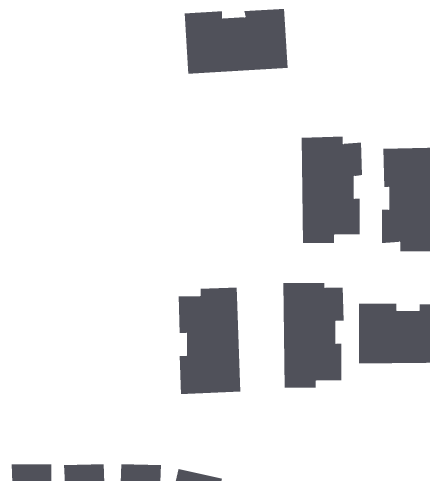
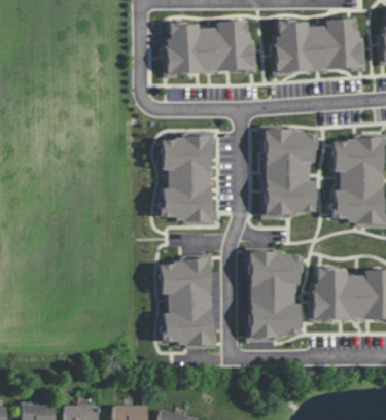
building: none -> [274,18,366,72]
building: none -> [162,134,213,220]

